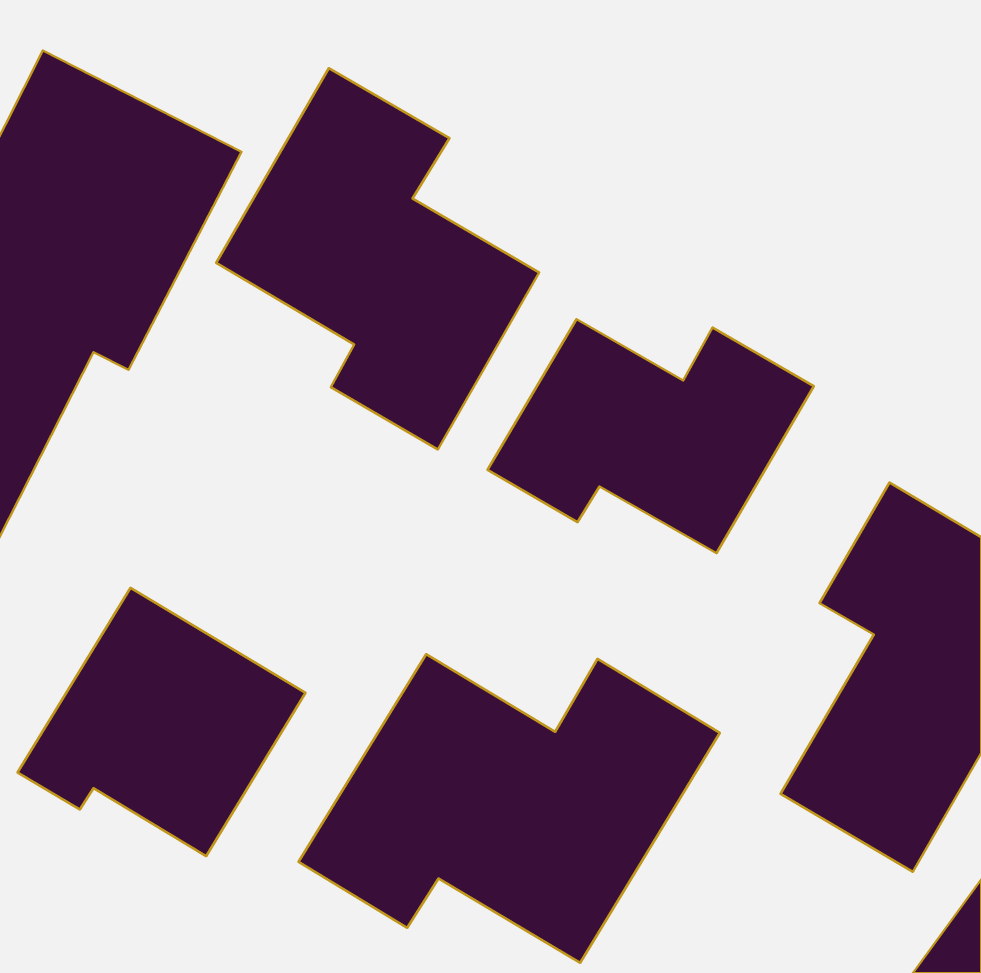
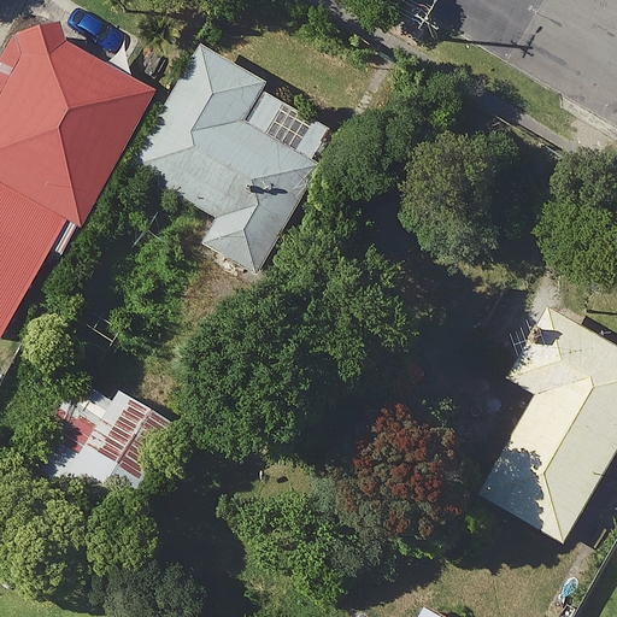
building: [488,319,814,553] -> none
building: [299,654,720,963] -> none

